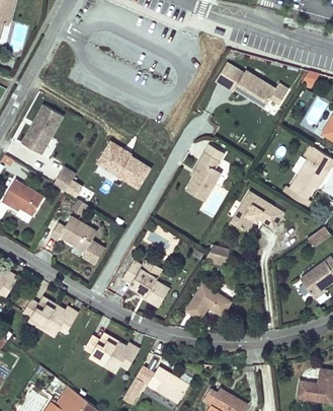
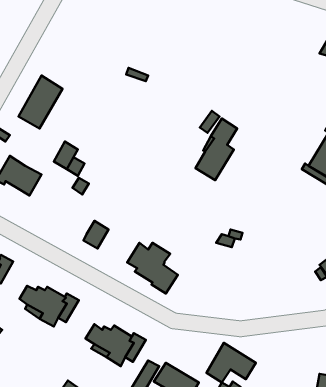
building: [225,68,275,108] -> none
building: [97,140,151,189] -> none
building: [231,192,283,231] -> none
building: [52,216,96,252] -> none
building: [185,283,231,320] -> [206,343,256,383]

